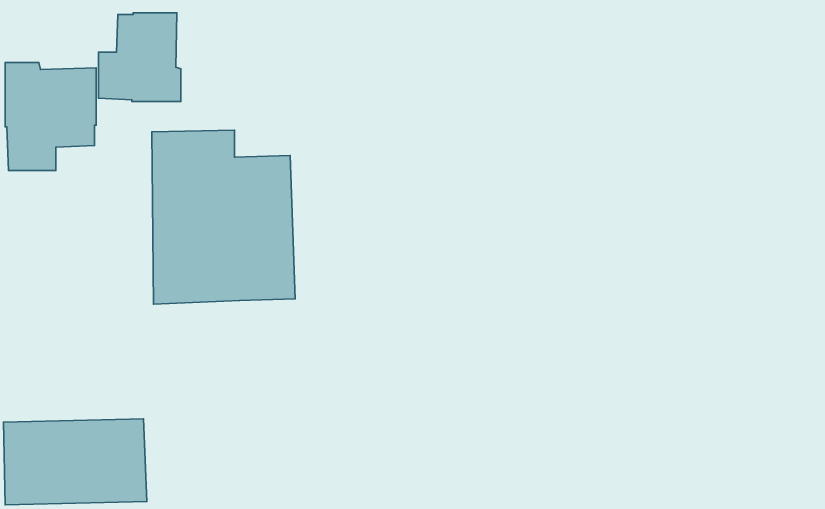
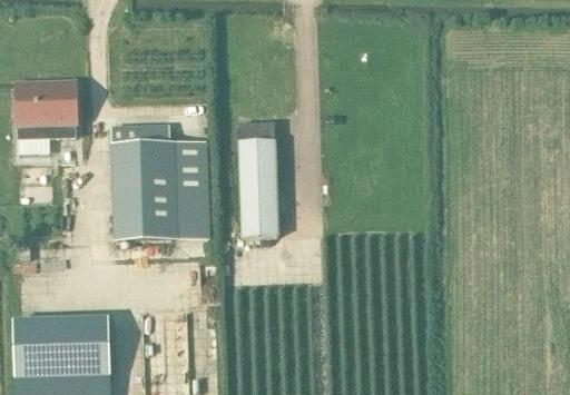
building: [99,13,181,102] -> none
building: none -> [238,122,277,237]

